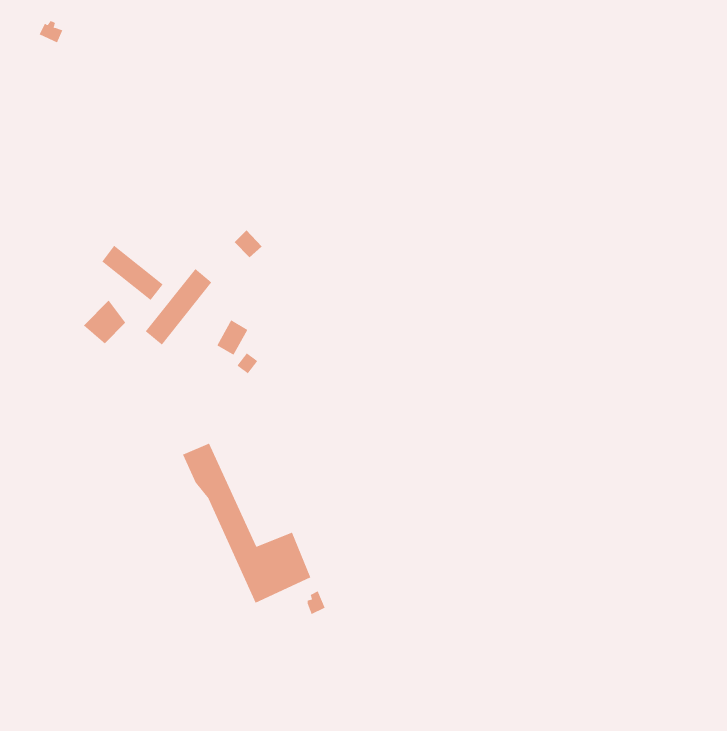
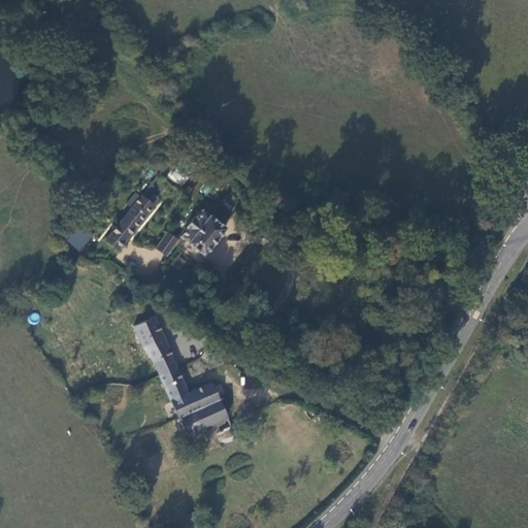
building: [101,245,164,301] -> none
building: none -> [186,210,228,255]

